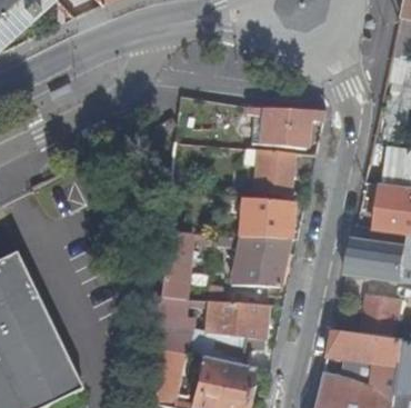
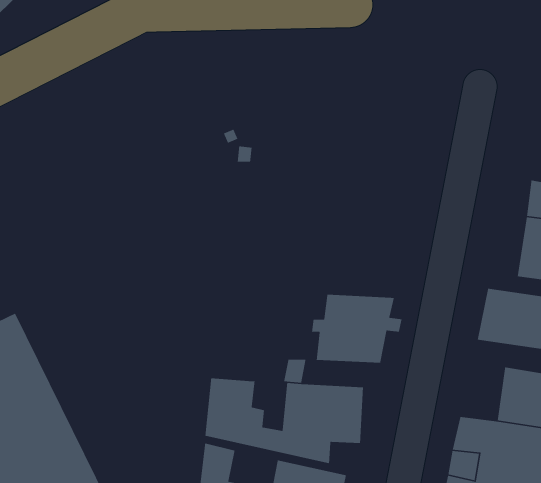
building: [248,107,327,148] -> none
building: [254,149,293,193] -> none
building: [240,198,291,239] -> none
building: [157,229,192,299] -> none

